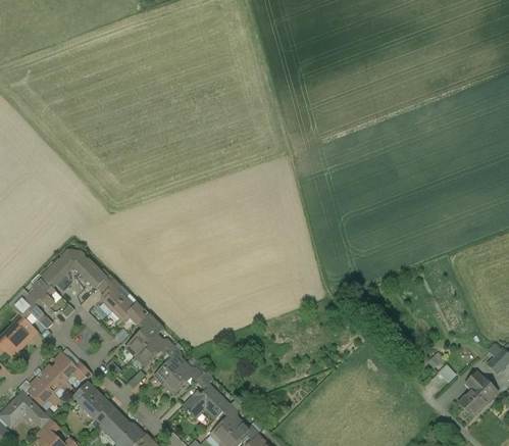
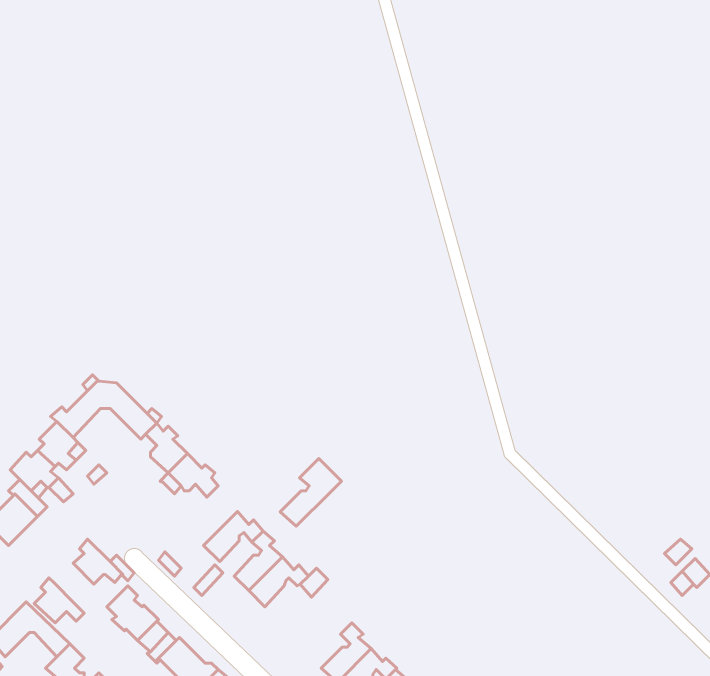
building: [125,313,164,356] -> [280,458,341,526]
building: [41,364,72,393] -> none
building: [184,386,230,418] -> none

